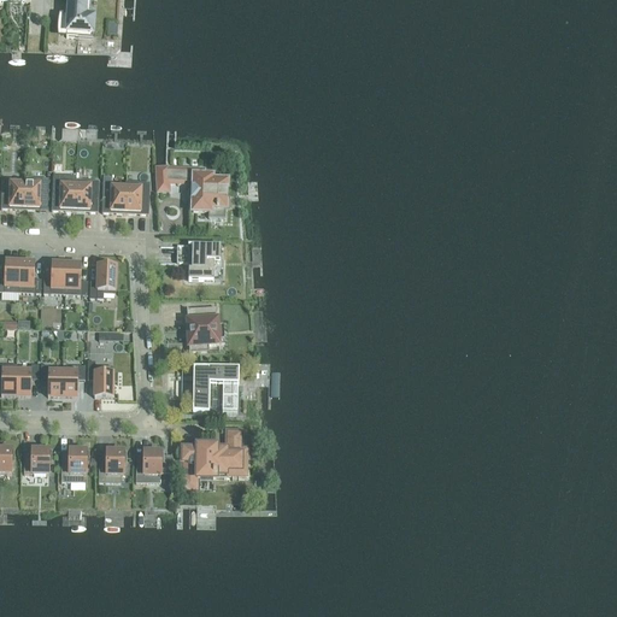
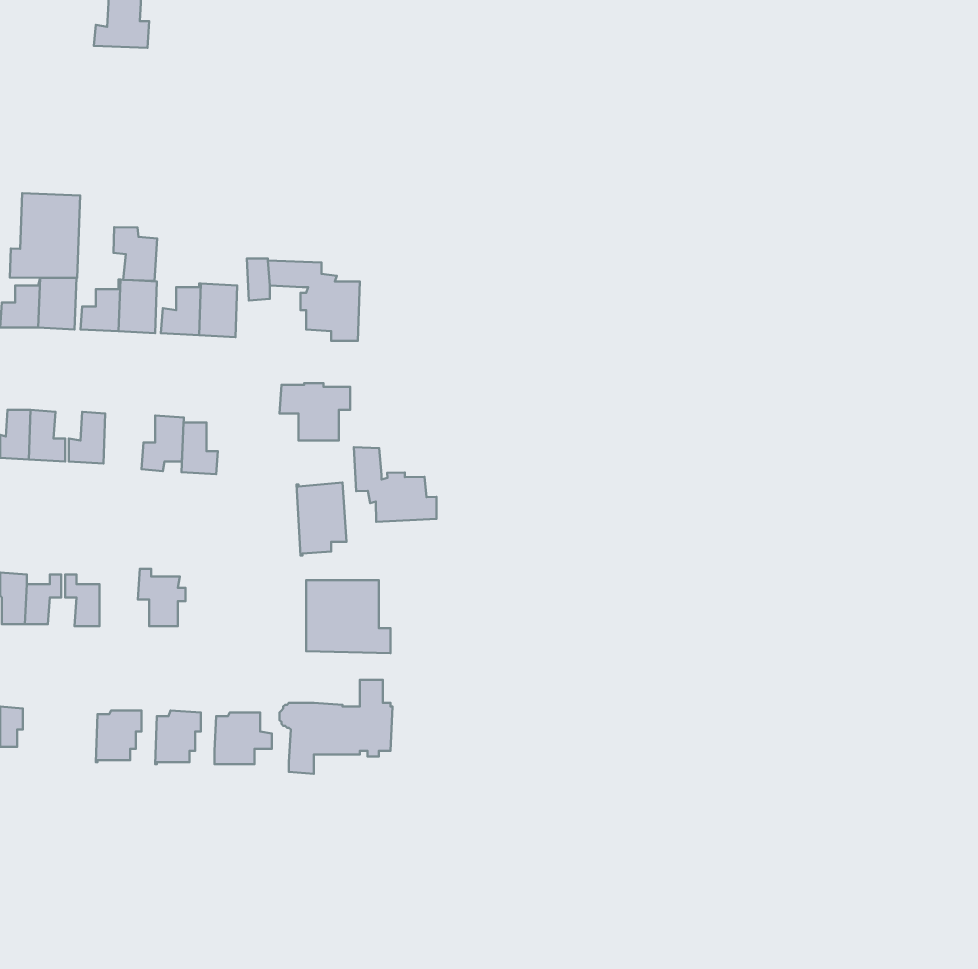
building: none -> [10,193,80,278]
building: none -> [113,227,157,281]
building: [65,260,88,293] -> [182,423,218,474]
building: none -> [354,447,437,522]
building: [63,363,86,394] -> none
building: [23,446,52,471] -> none

